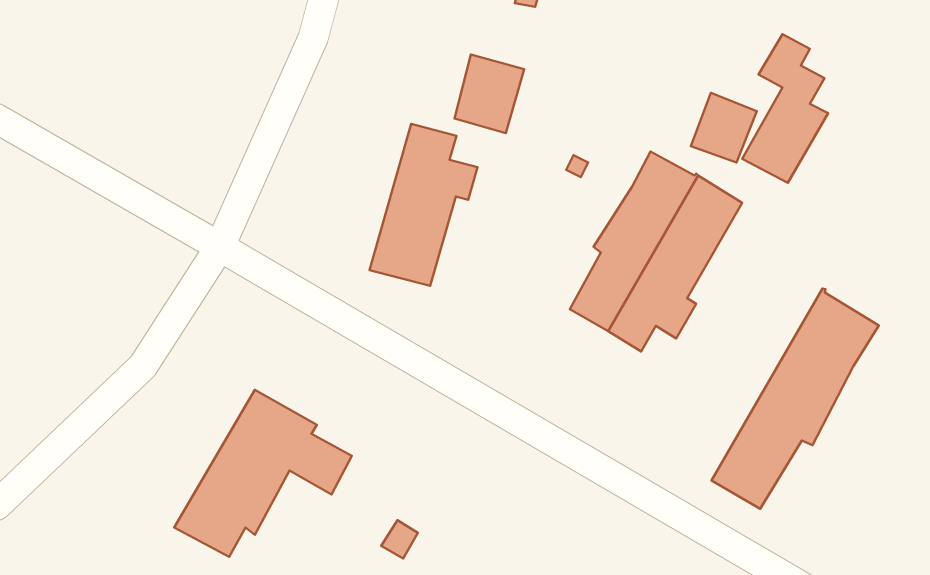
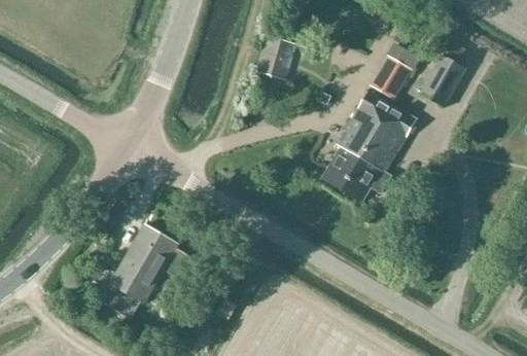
building: [370,124,478,286] -> none
building: [712,288,879,509] -> none

